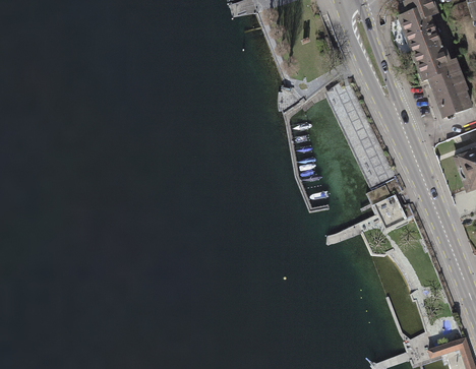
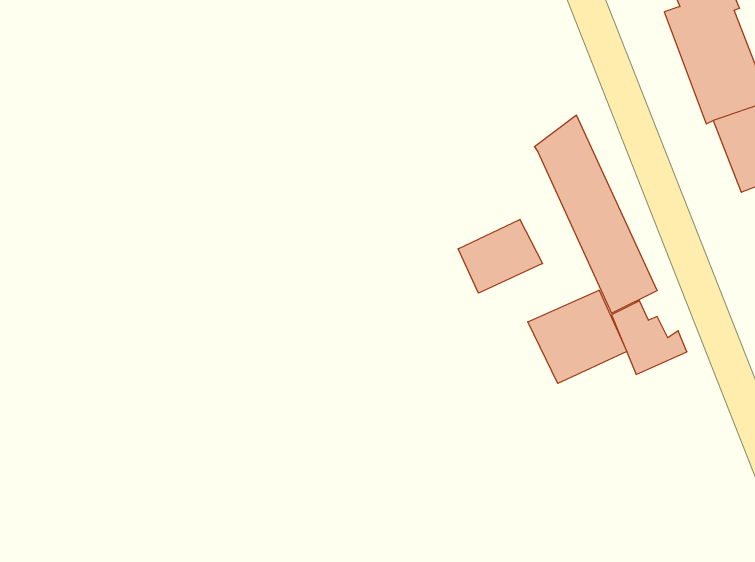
building: none -> [458,219,543,293]
building: none -> [528,290,627,383]

